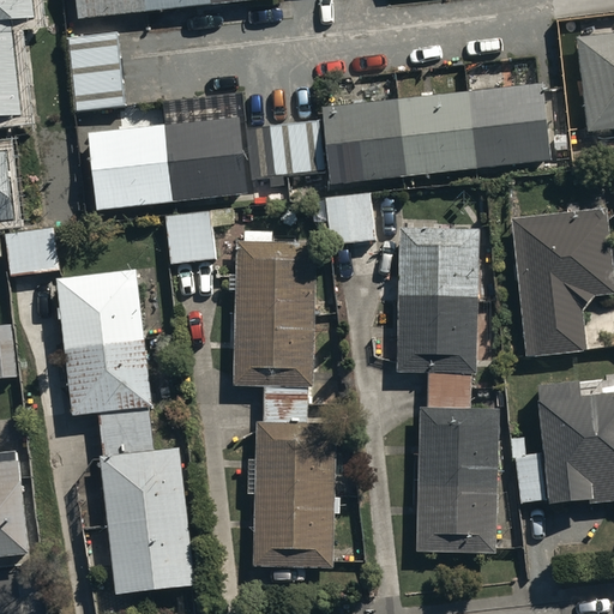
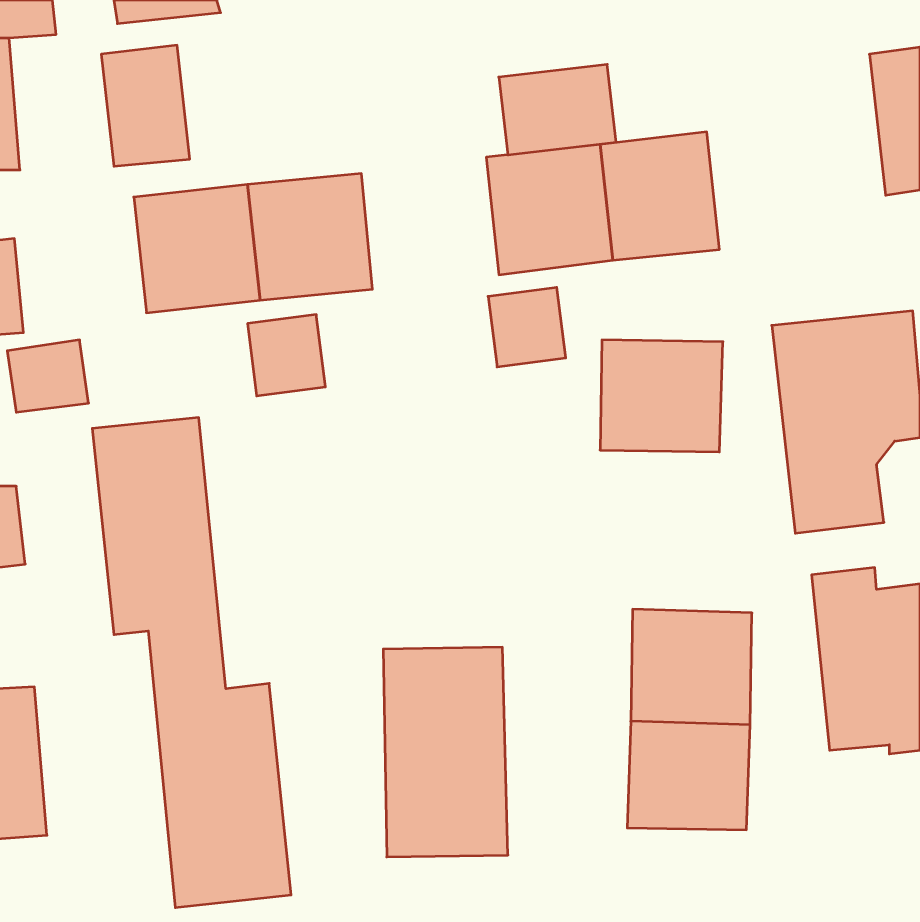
building: [469,82,552,167] -> none
building: [246,119,324,179] -> [499,64,616,155]
building: [233,252,315,390] -> none
building: [397,300,477,373] -> none

